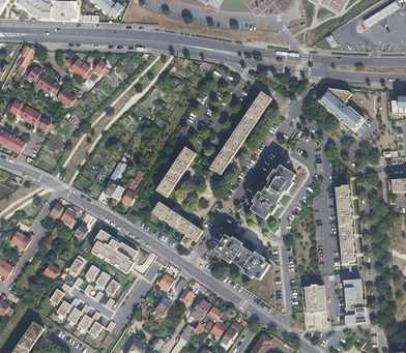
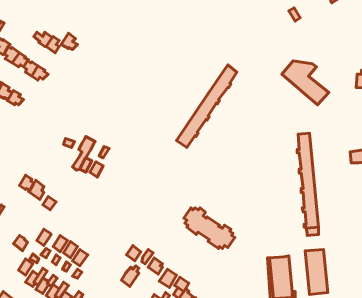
building: [156,147,196,197] -> none
building: [253,167,294,217] -> none
building: [152,202,203,247] -> none
building: [91,230,137,273] -> none

